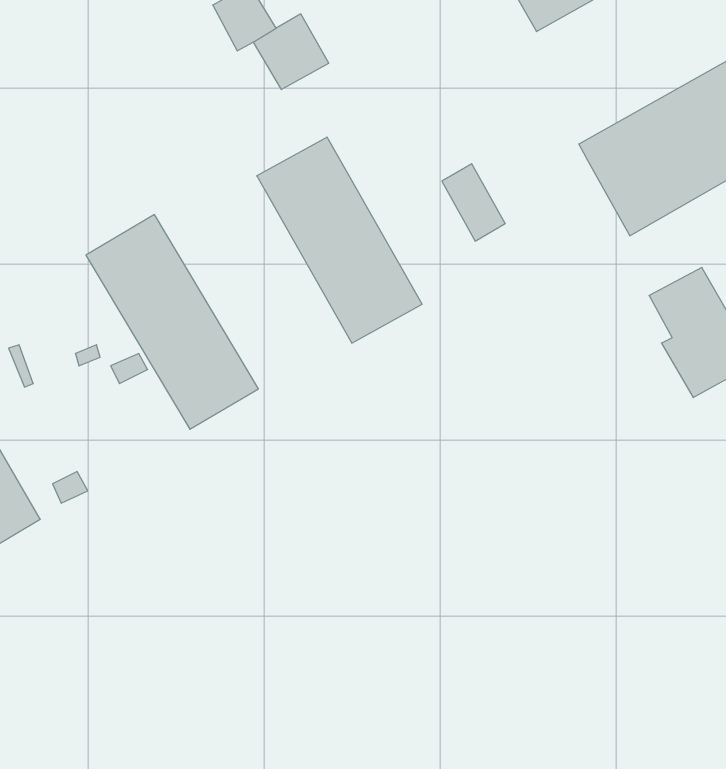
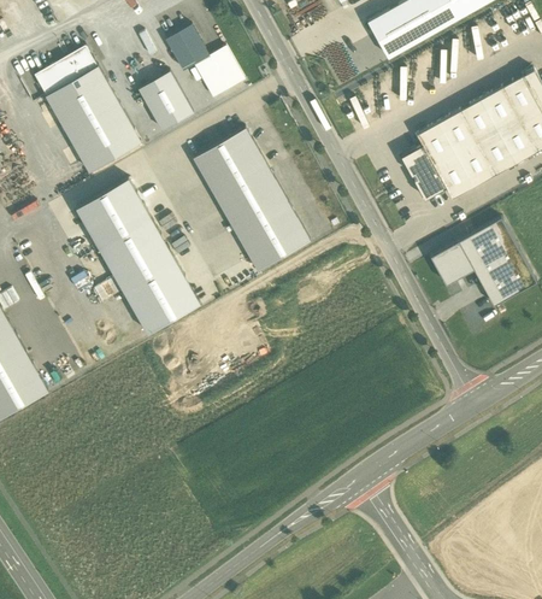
building: none -> [34,48,139,172]
building: none -> [137,71,192,130]
building: [442,164,505,241] -> [401,146,444,199]
building: none -> [430,239,479,286]

